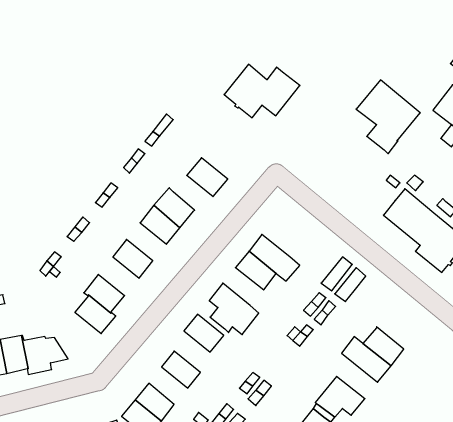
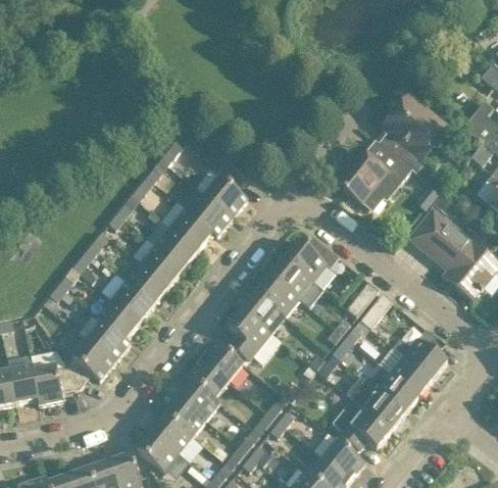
building: [224,64,300,118] -> [332,147,411,203]
building: none -> [190,196,232,237]
building: none -> [283,236,339,282]
building: none -> [141,246,183,286]
building: none -> [111,282,154,323]
building: none -> [242,293,285,333]
building: none -> [392,338,446,379]
building: none -> [65,340,114,389]
building: none -> [187,359,229,403]
building: none -> [349,380,404,431]
building: none -> [164,397,205,437]

